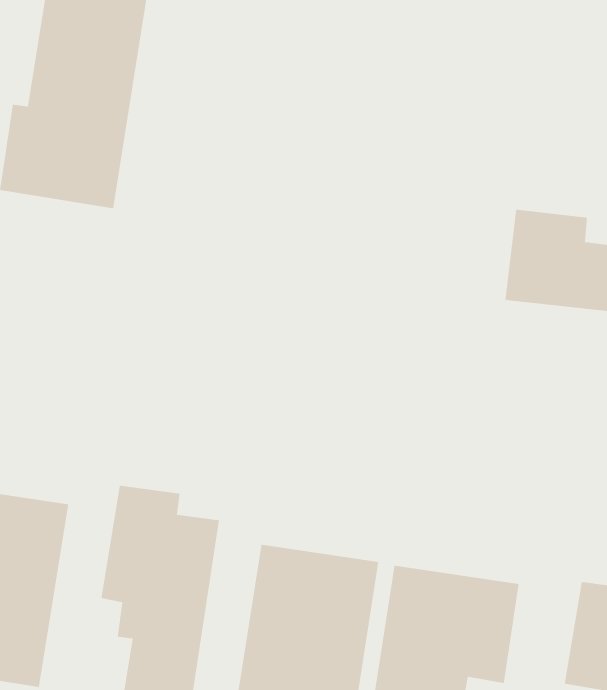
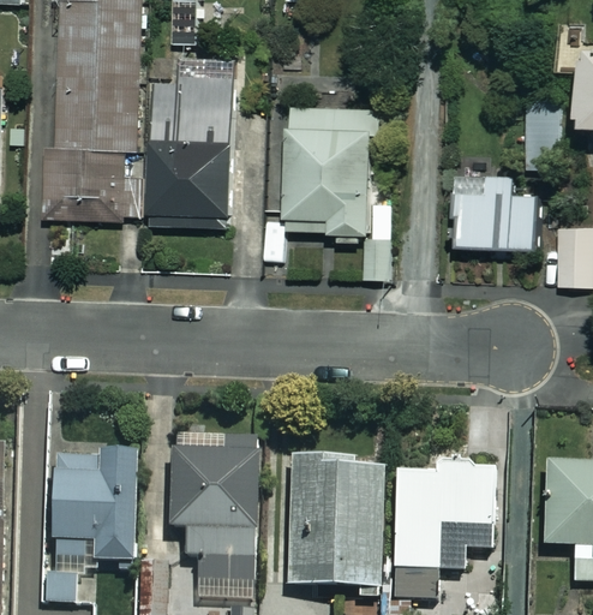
building: none -> [150,54,235,225]
building: none -> [287,106,394,276]

